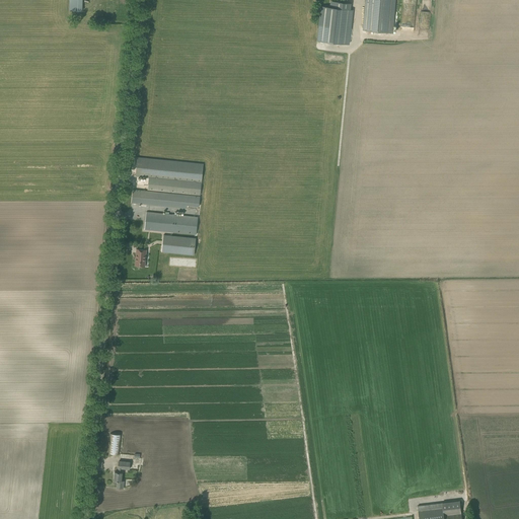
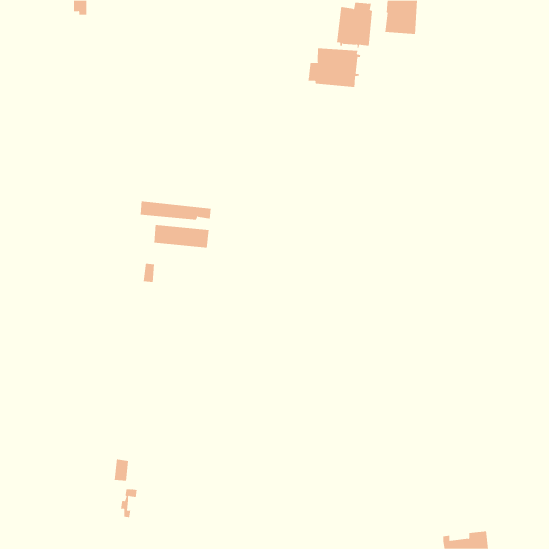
building: none -> [308,48,361,88]
building: [136,157,203,195] -> none
building: [162,235,196,254] -> none

